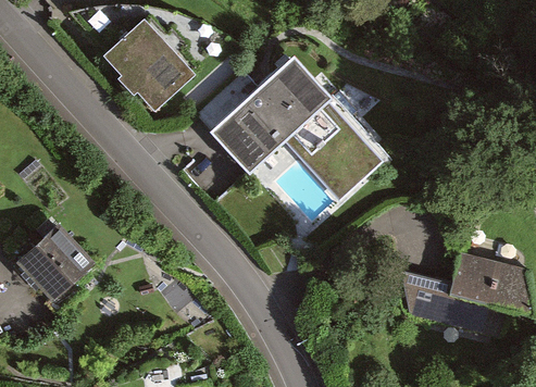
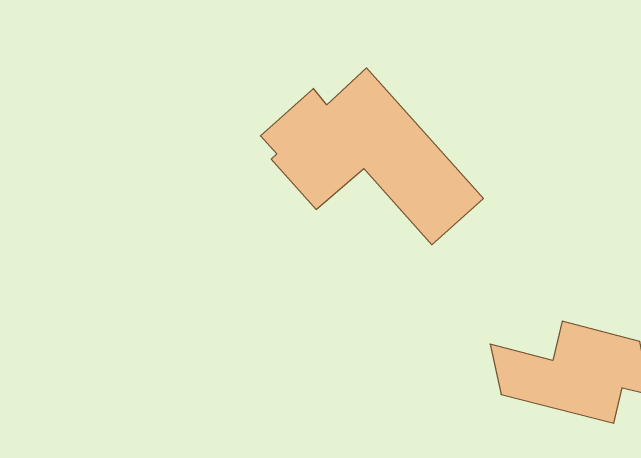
building: [105,15,198,109] -> none
building: [12,221,87,295] -> none

